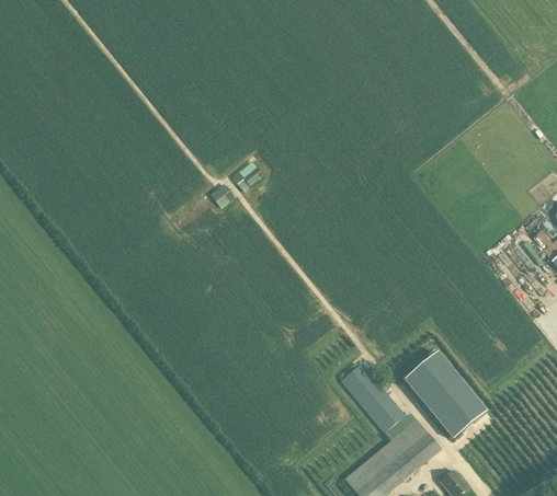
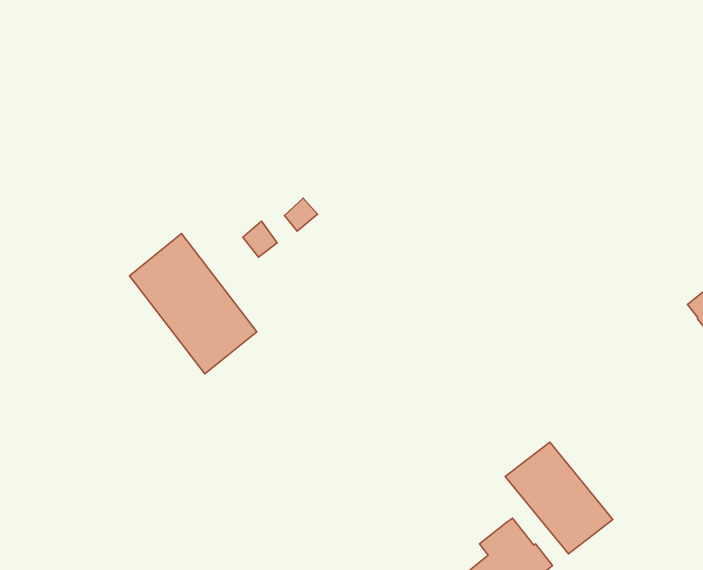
building: none -> [129,234,257,374]
building: [340,359,406,430] -> none

